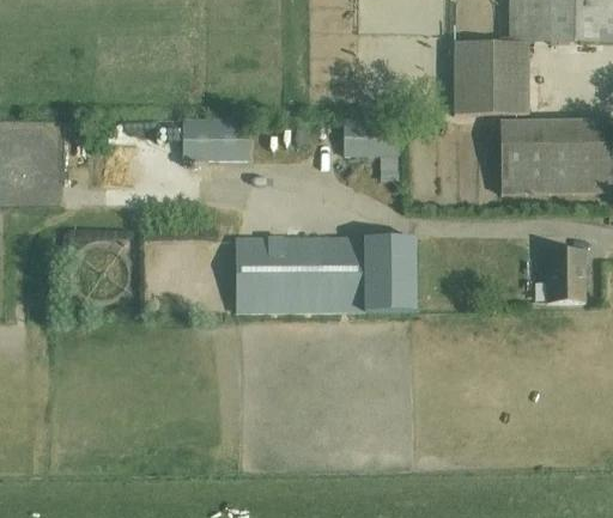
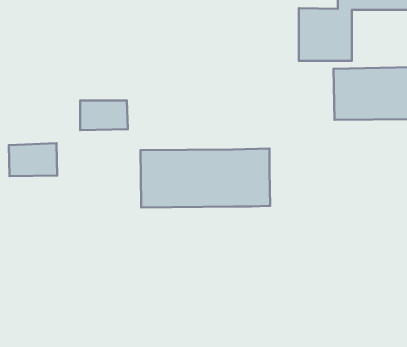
building: [184,118,250,159] -> [80,101,128,130]
building: [345,118,402,153] -> none
building: [544,255,583,304] -> none

